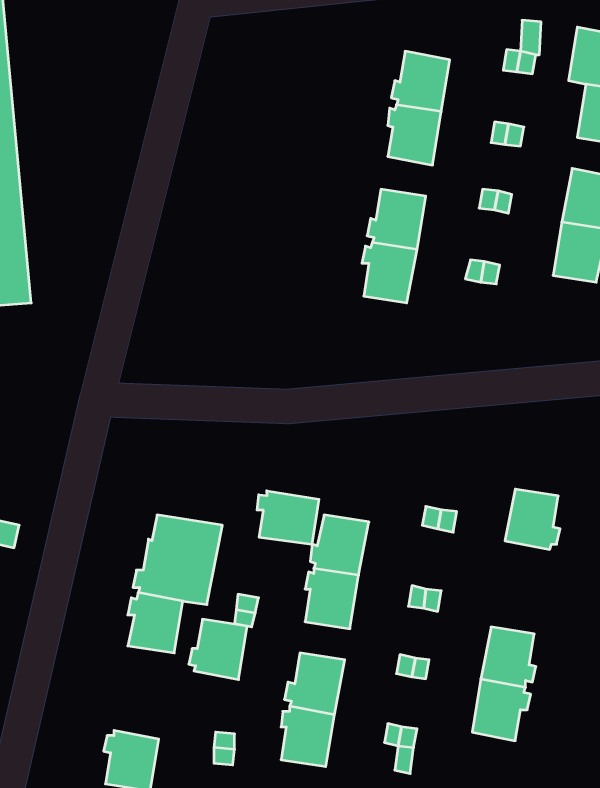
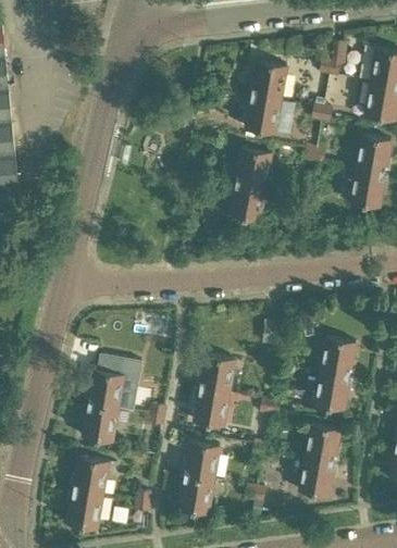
building: [257,491,319,545] -> none
building: none -> [315,372,352,410]
building: [189,619,247,680] -> [71,459,108,497]

